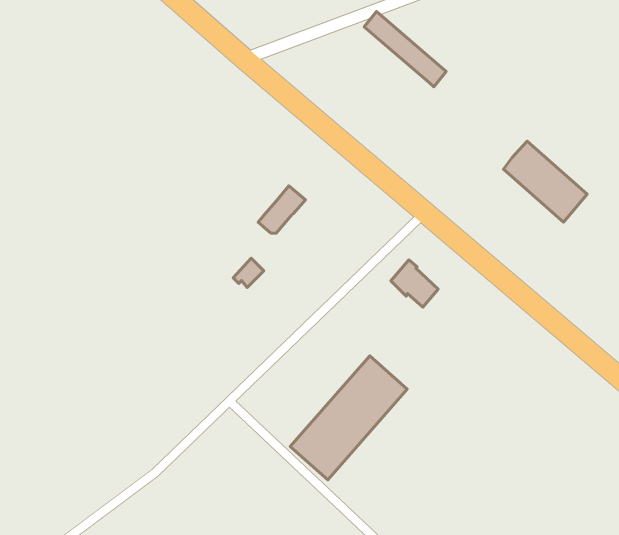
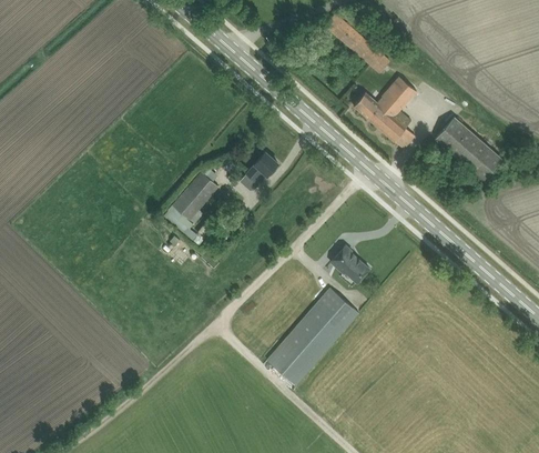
building: none -> [354,78,417,141]
building: none -> [167,171,220,229]
building: [391,260,438,307] -> [332,245,369,283]

